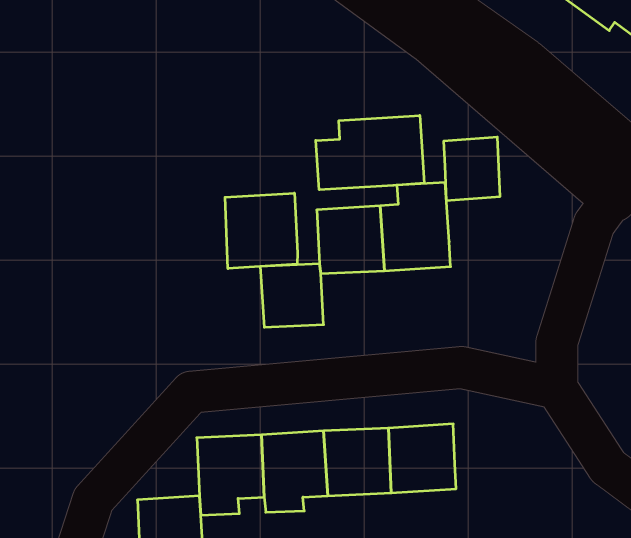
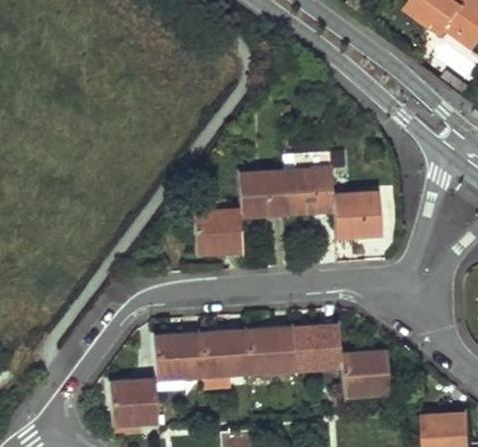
building: [316,115,424,190] -> none
building: [444,137,500,201] -> [336,190,377,236]
building: [225,193,298,269] -> none
building: none -> [340,351,390,398]

